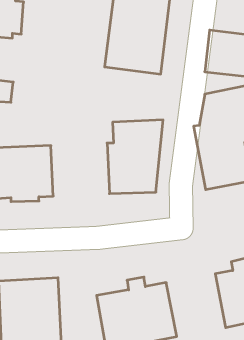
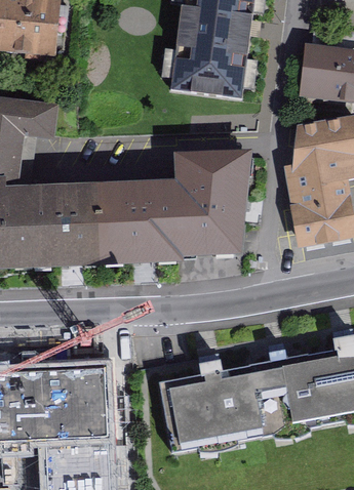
building: none -> [101,188,175,259]
building: none -> [248,350,324,435]

